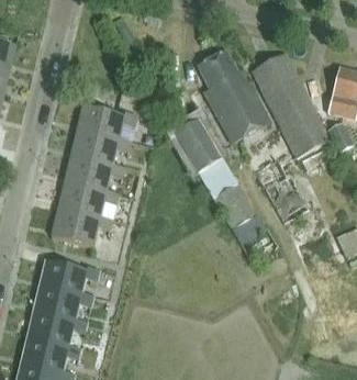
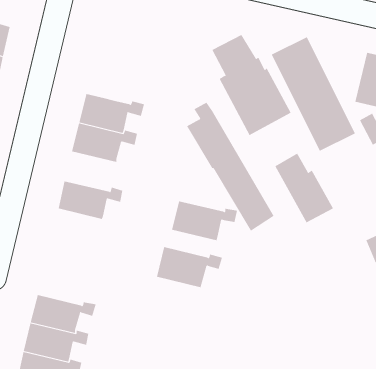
building: [64,156,124,192] -> [171,201,238,241]
building: [52,208,112,245] -> [156,247,223,288]
building: [40,259,100,295] -> none

